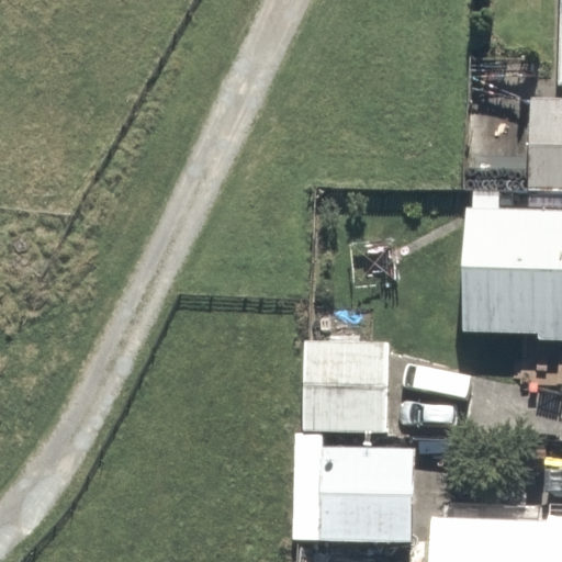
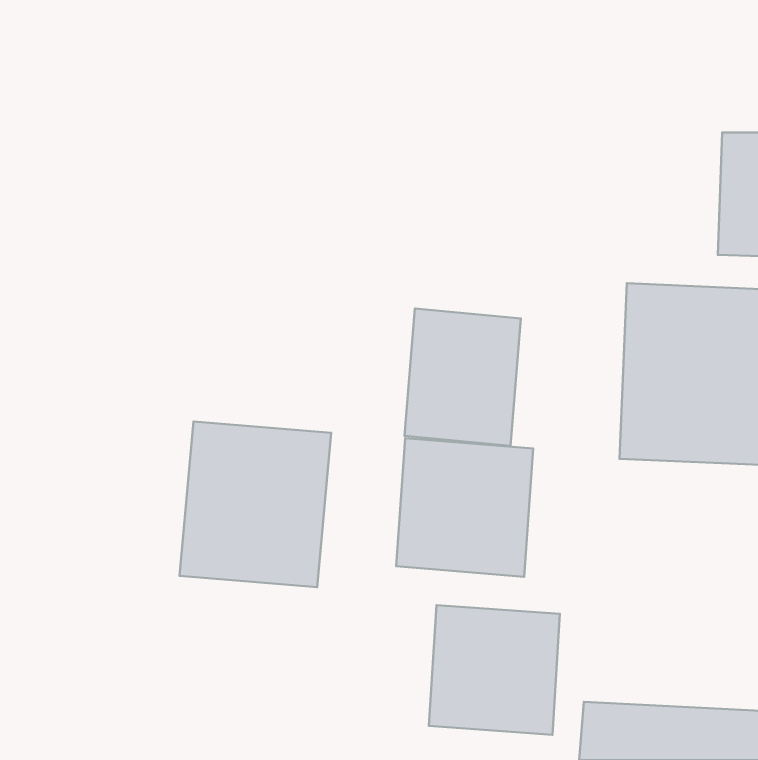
building: none -> [404,308,521,446]
building: none -> [179,422,331,587]

